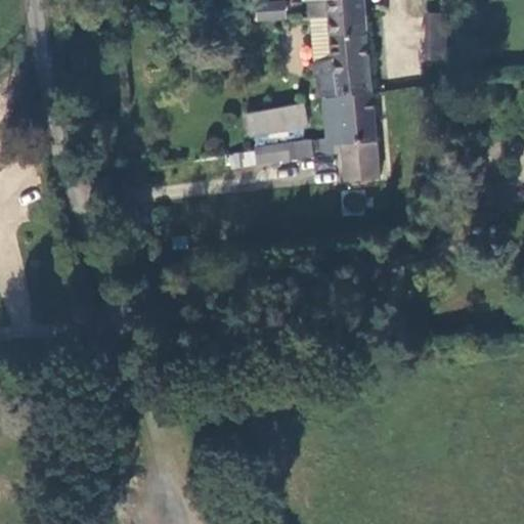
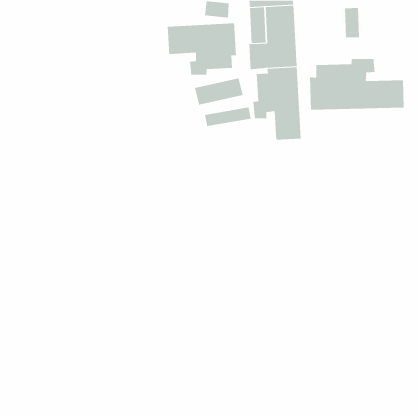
building: none -> [167,22,236,75]
building: none -> [309,58,404,111]

